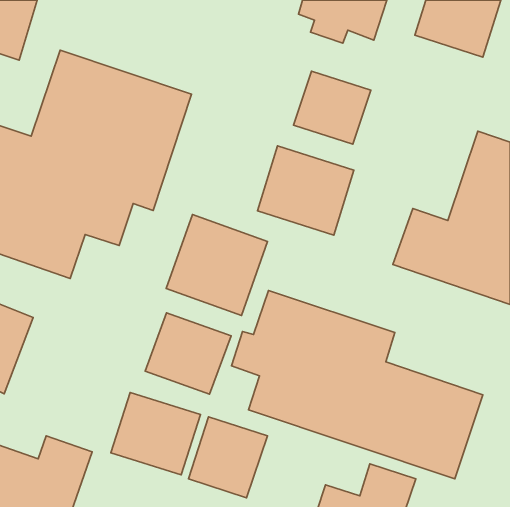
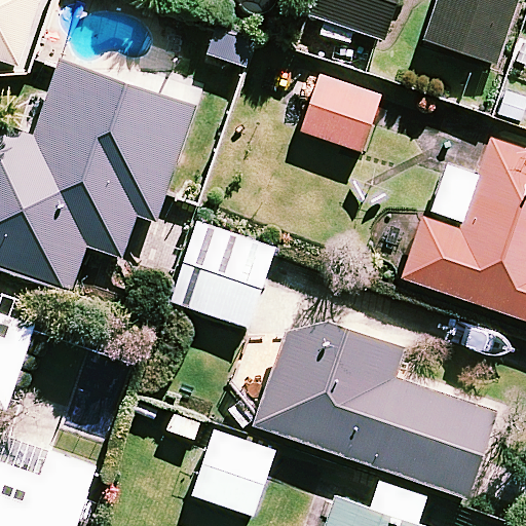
building: [258,146,354,235] -> none
building: [145,313,231,394] -> none
building: [111,392,201,475] -> none

